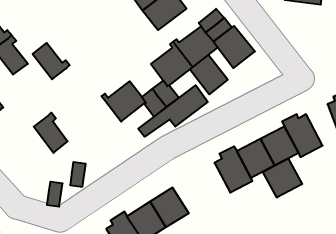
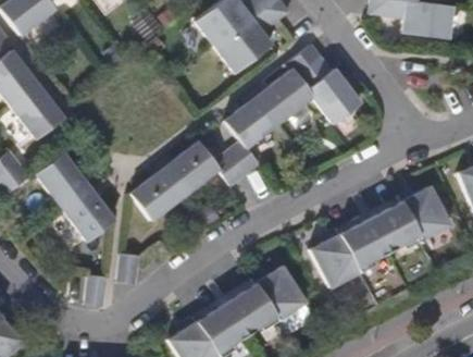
building: [33,43,70,79] -> [45,153,94,201]
building: [190,55,228,94] -> none
building: [138,85,208,137] -> none
building: none -> [130,161,186,220]
building: [263,158,302,198] -> none
building: none -> [250,263,306,320]

